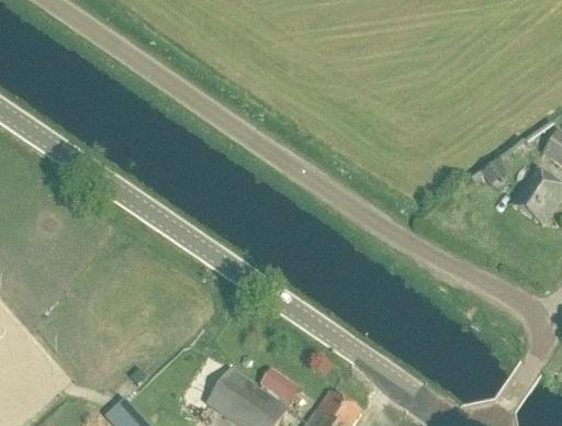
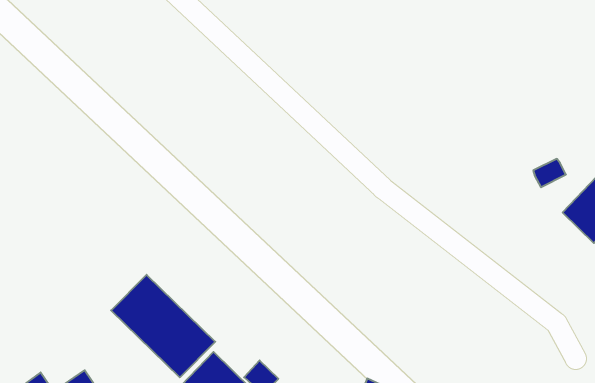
building: none -> [111,275,215,377]

